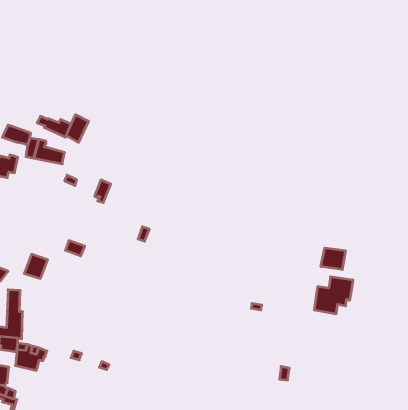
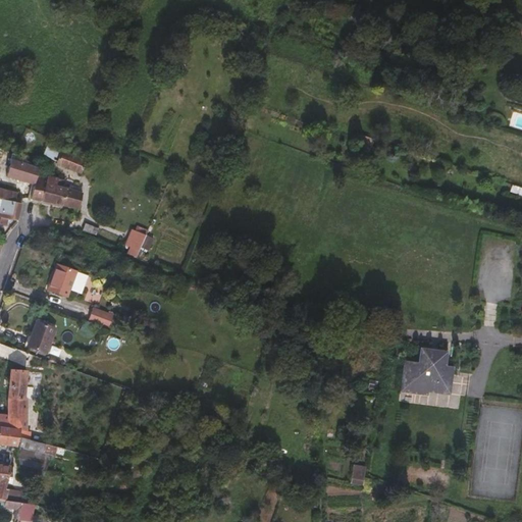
building: [66,115,88,142] -> none
building: none -> [52,264,81,296]
building: [321,248,345,270] -> none
building: none -> [424,368,452,400]

